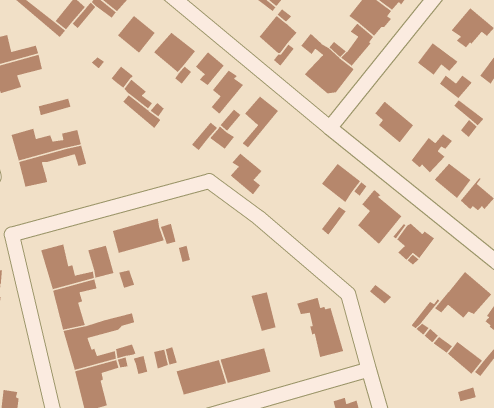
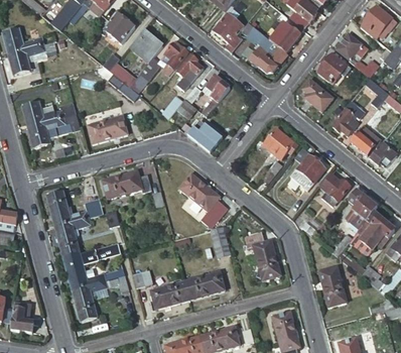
building: none -> [317,54,352,85]
building: none -> [87,114,127,144]
building: none -> [177,173,226,221]
building: none -> [349,191,377,228]
building: none -> [316,264,346,307]

